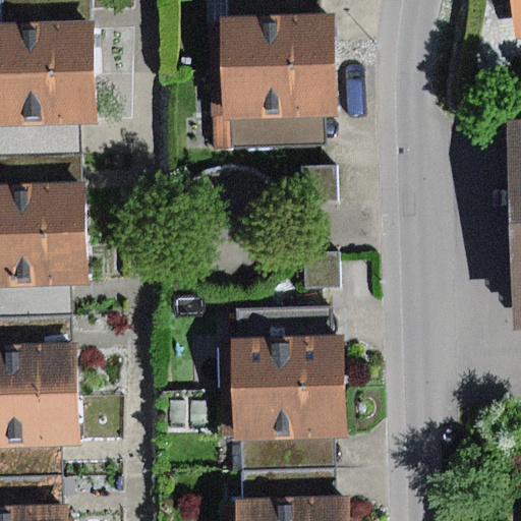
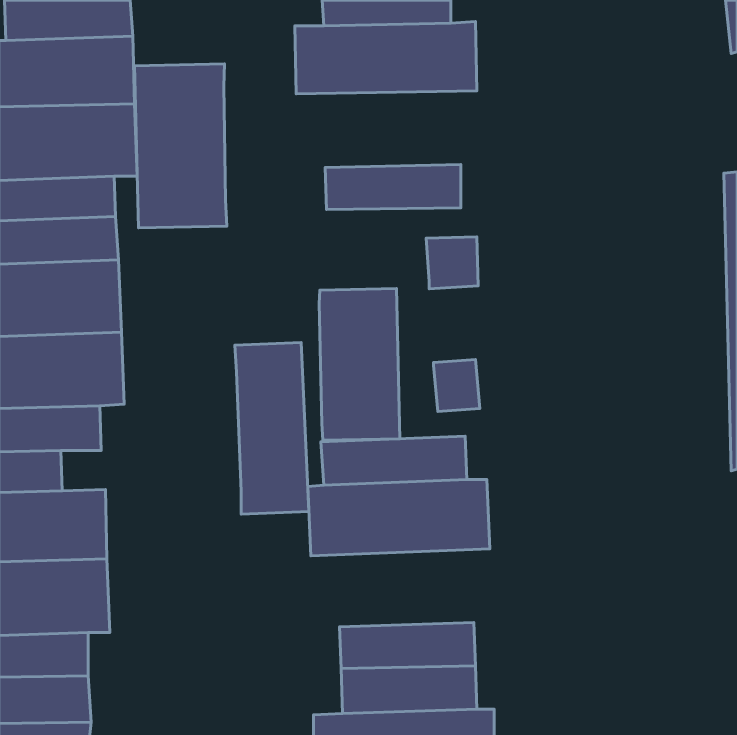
building: none -> [134,64,227,228]
building: [209,66,337,120] -> none
building: none -> [319,288,400,440]
building: none -> [235,343,309,514]
building: [219,389,346,445] -> none

